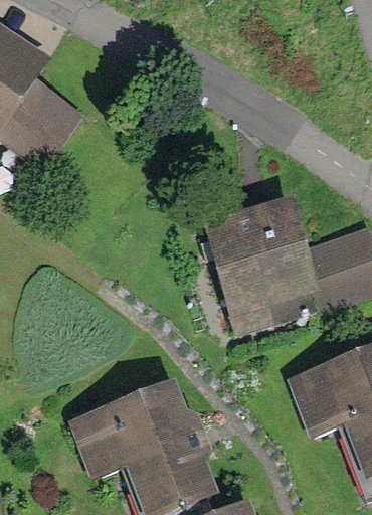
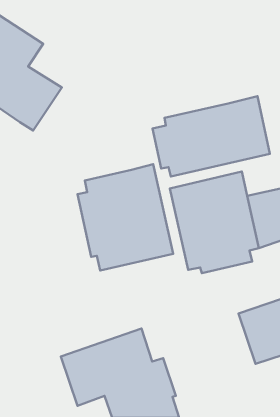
building: none -> [152,96,270,176]
building: none -> [77,164,173,270]

